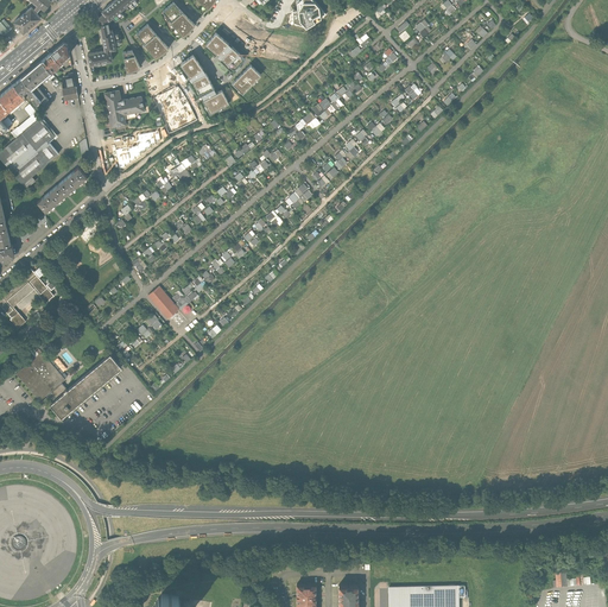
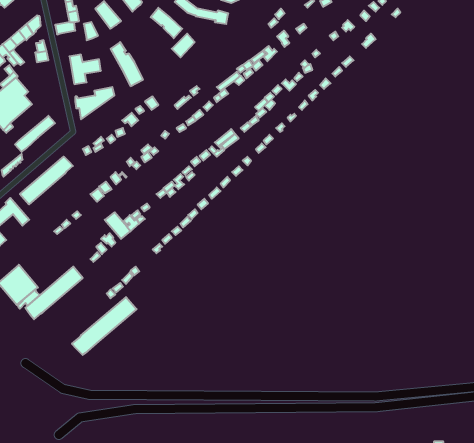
building: [179,56,227,114] -> none
building: none -> [20,157,73,204]
building: none -> [72,297,137,355]

